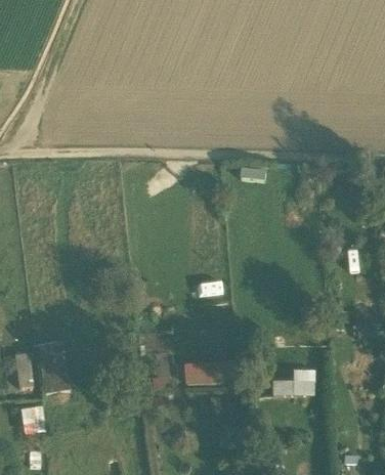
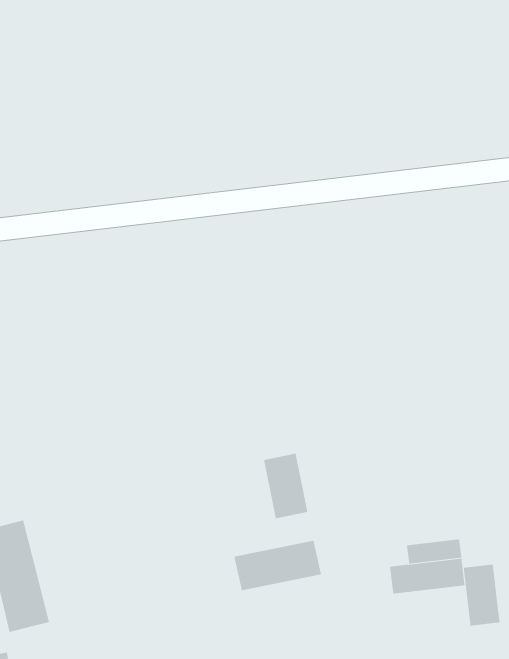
building: none -> [263,453,308,519]
building: none -> [463,564,500,626]

